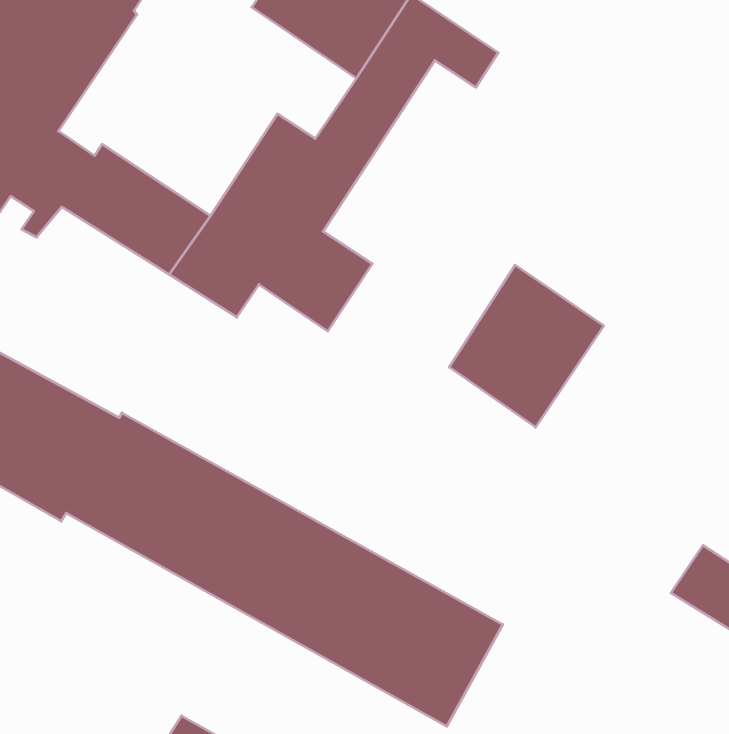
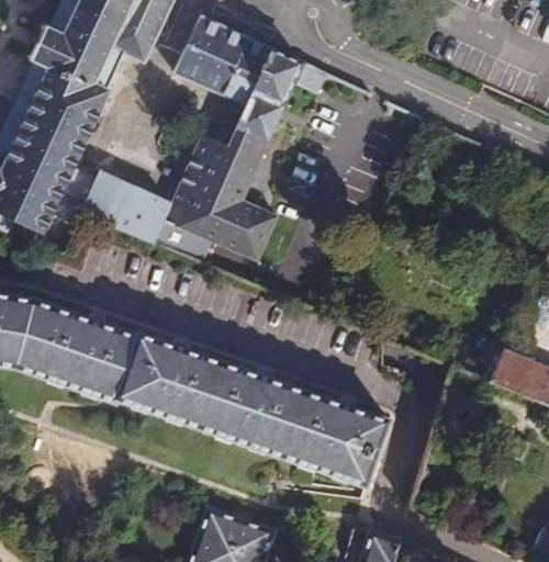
building: [449,265,604,427] -> none

